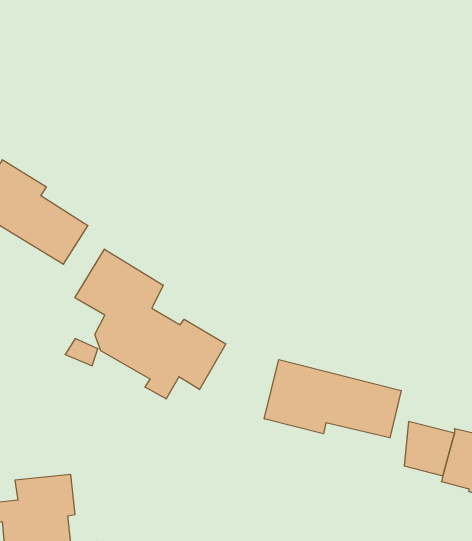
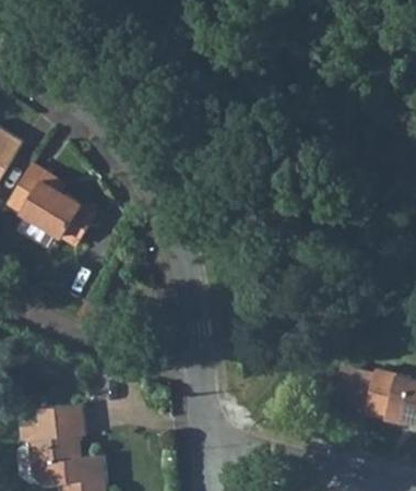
building: [75,249,226,399] -> none
building: [264,360,401,438] -> none

